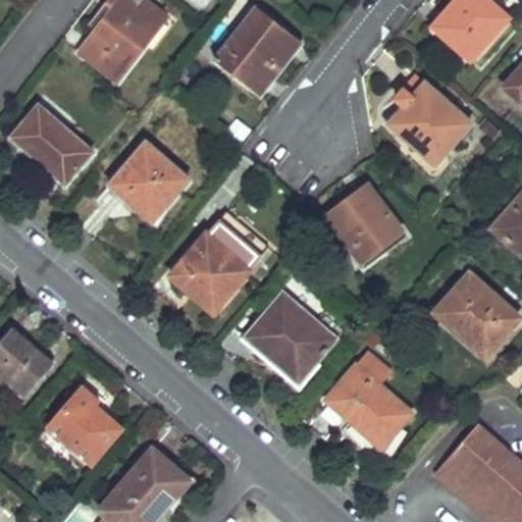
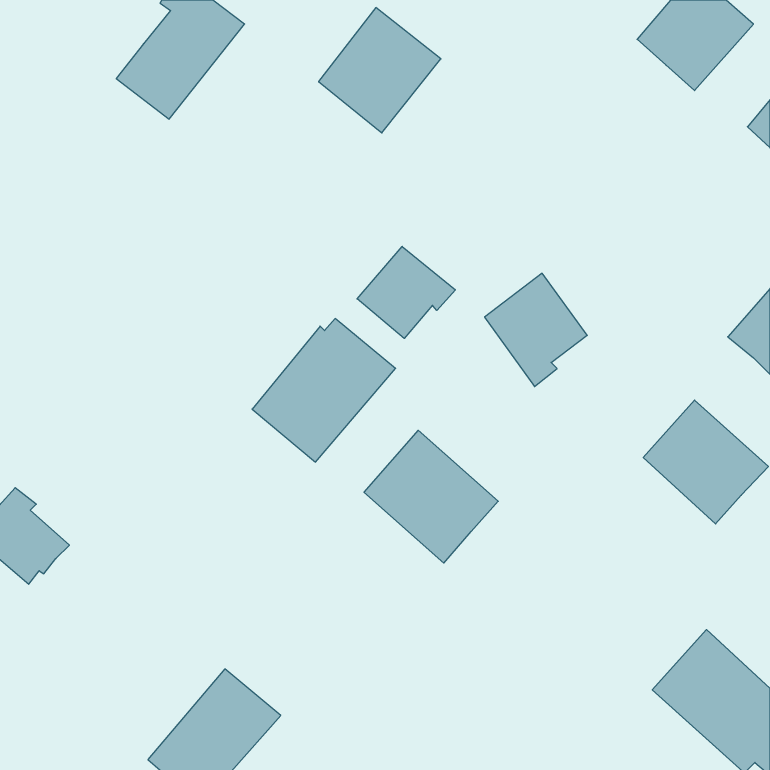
building: [394,75,470,165] -> none
building: [10,107,91,180] -> none
building: [110,144,188,222] -> none
building: none -> [357,246,455,338]
building: [325,353,412,449] -> none
building: [47,386,122,466] -> none

